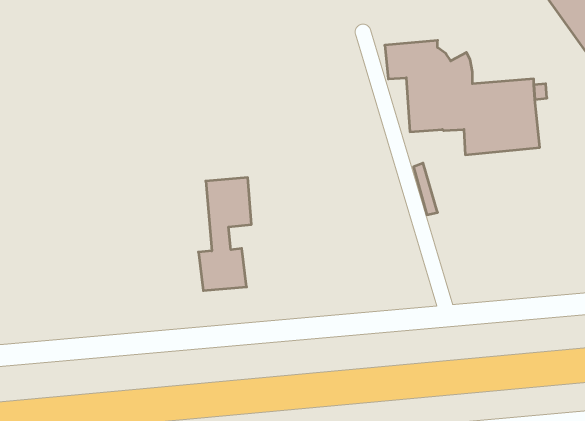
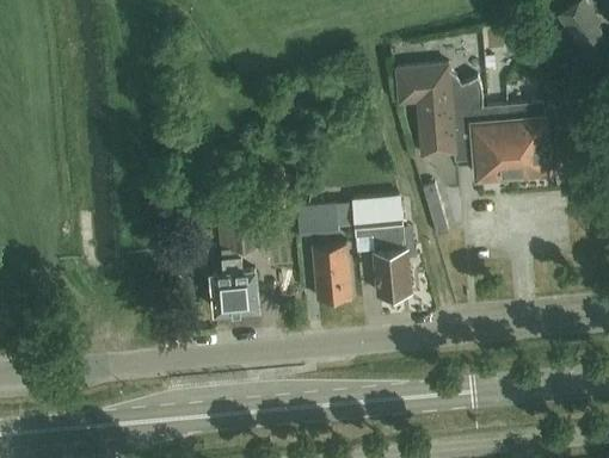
building: none -> [355,197,411,299]
building: none -> [297,204,339,237]
building: none -> [313,245,352,303]

